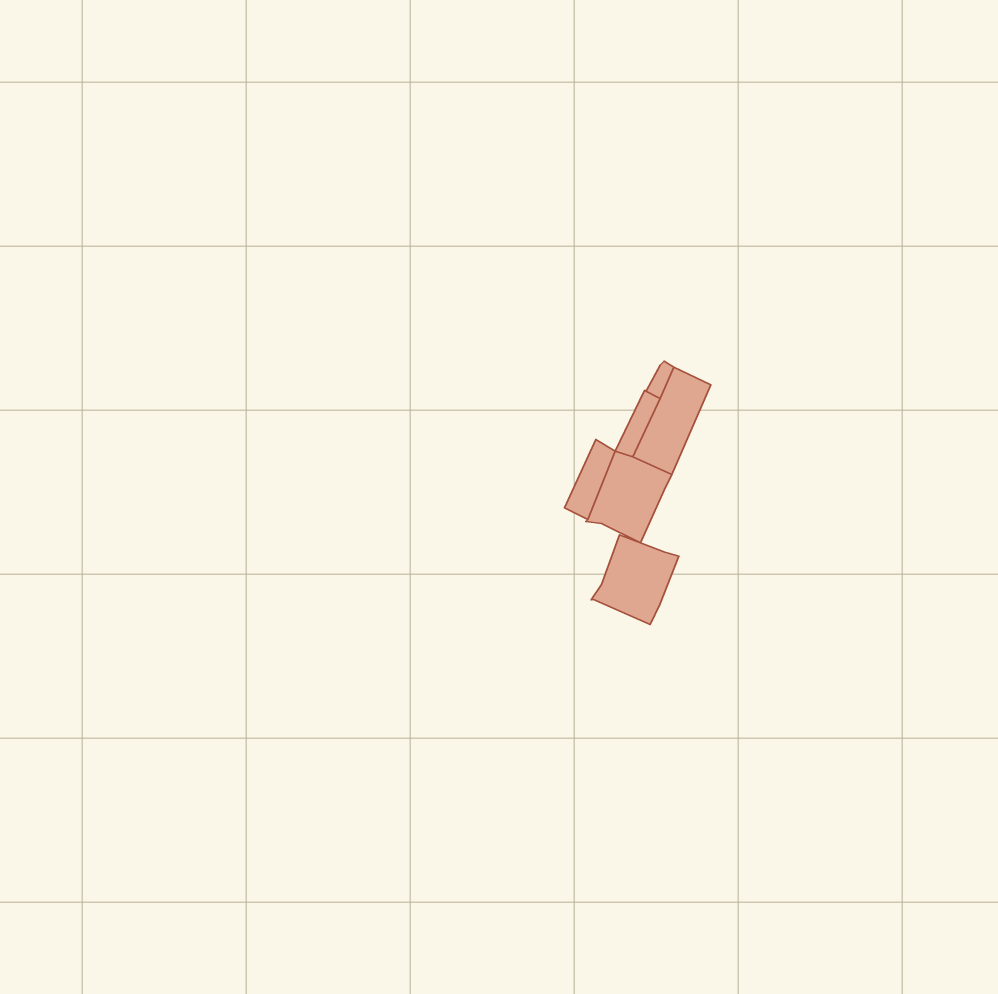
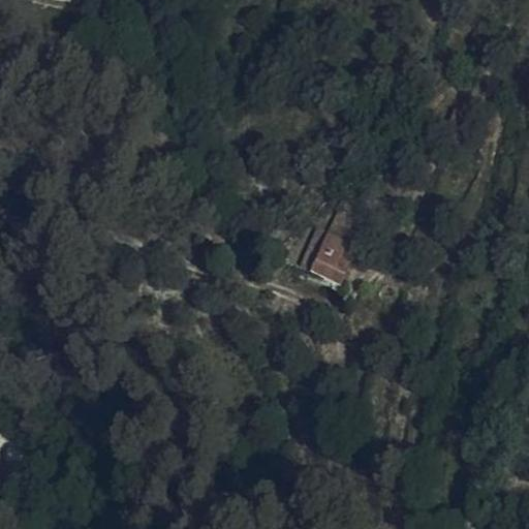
building: [591,535,679,625] -> none

